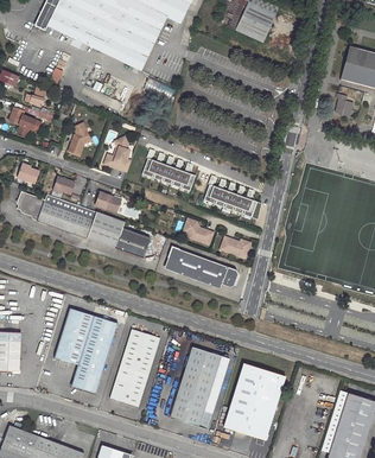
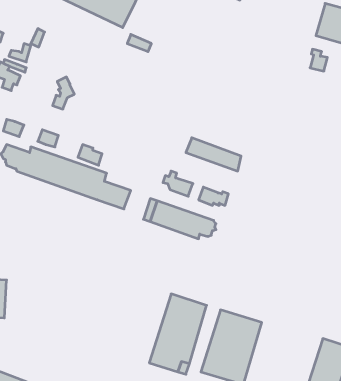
building: [104,136,132,172] -> none
building: [144,157,198,191] -> none
building: [55,307,117,392] -> none
building: [109,329,160,406] -> none

